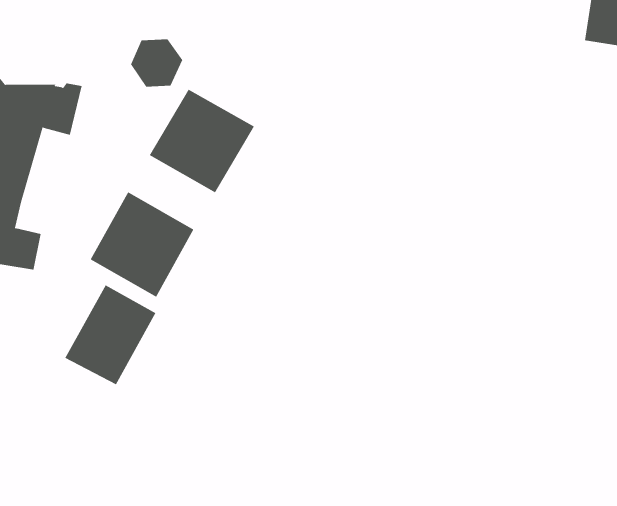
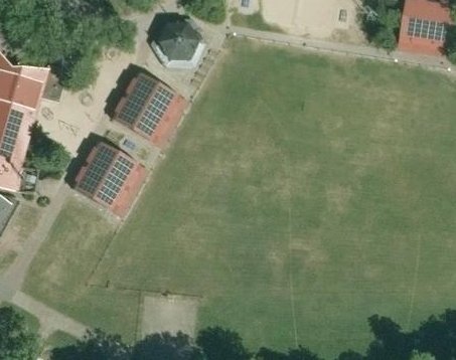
building: [130,39,183,87] -> [158,32,193,64]
building: [65,284,156,385] -> none

